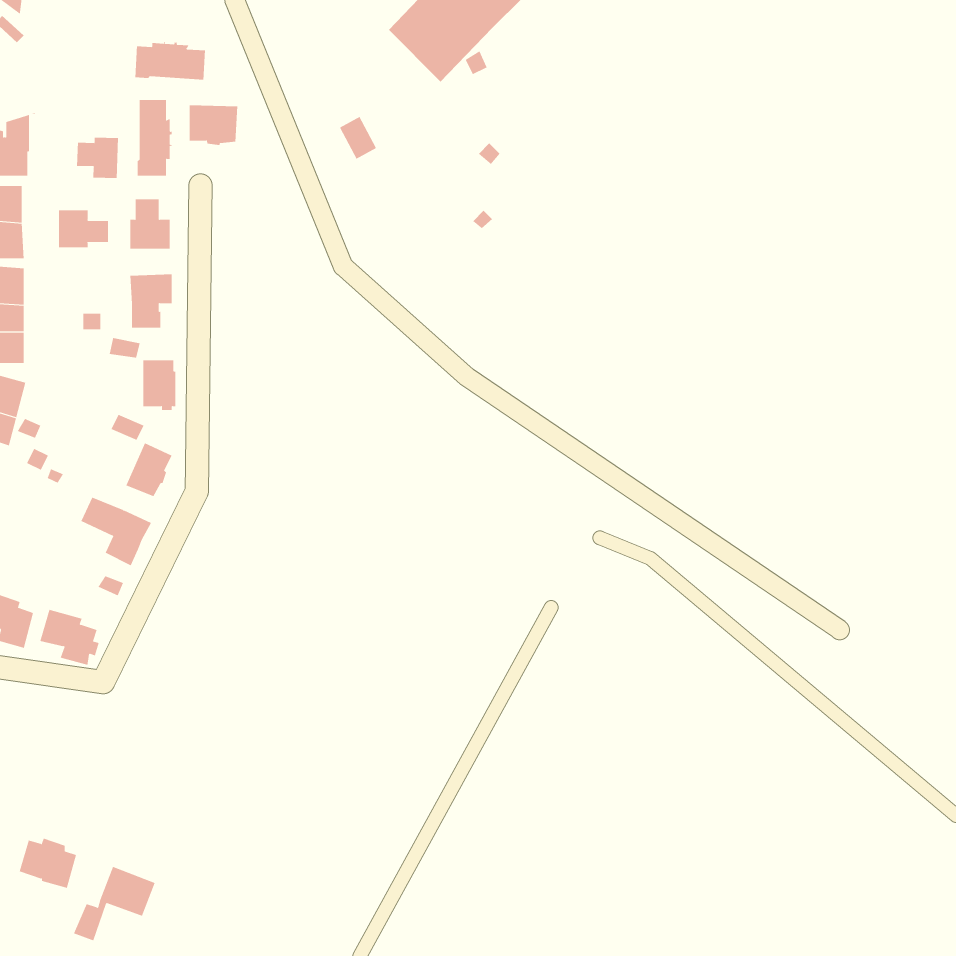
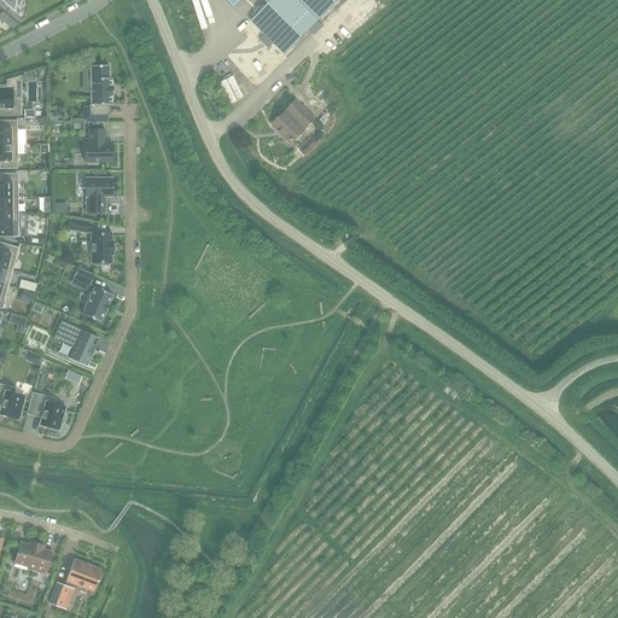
building: [135,41,206,80] -> none
building: [189,104,238,146] -> none
building: [77,137,118,179] -> none
building: none -> [270,99,313,142]
building: [59,210,108,248] -> none

